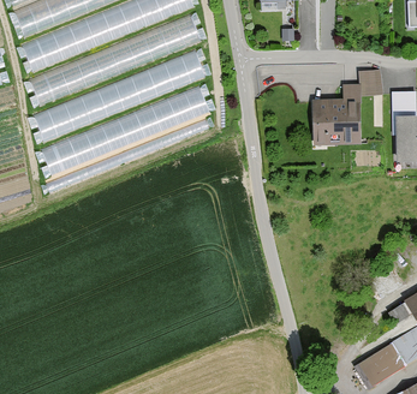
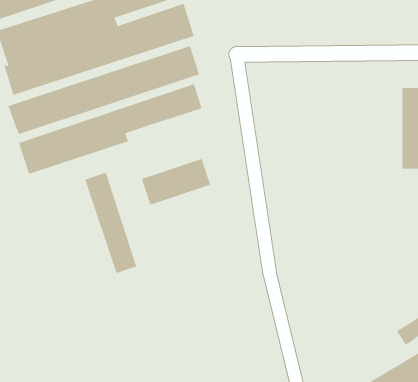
building: [309,70,385,144] -> none
building: none -> [141,158,211,206]
building: none -> [84,172,137,274]

